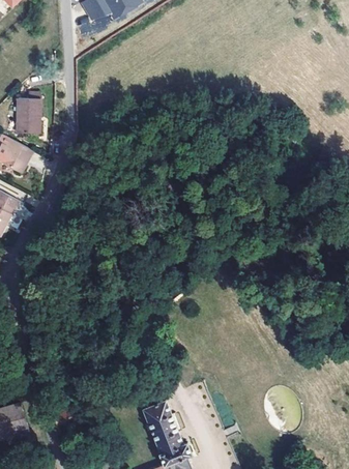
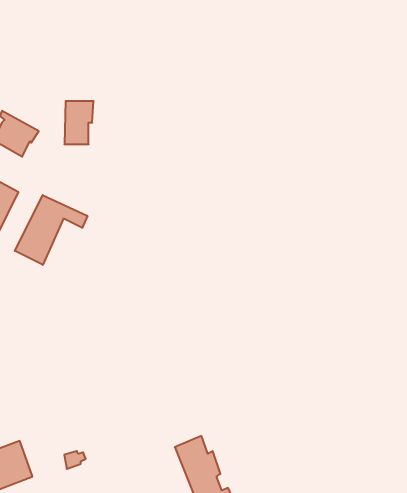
building: [18,97,41,133] -> [64,101,94,144]
building: none -> [15,195,87,265]

